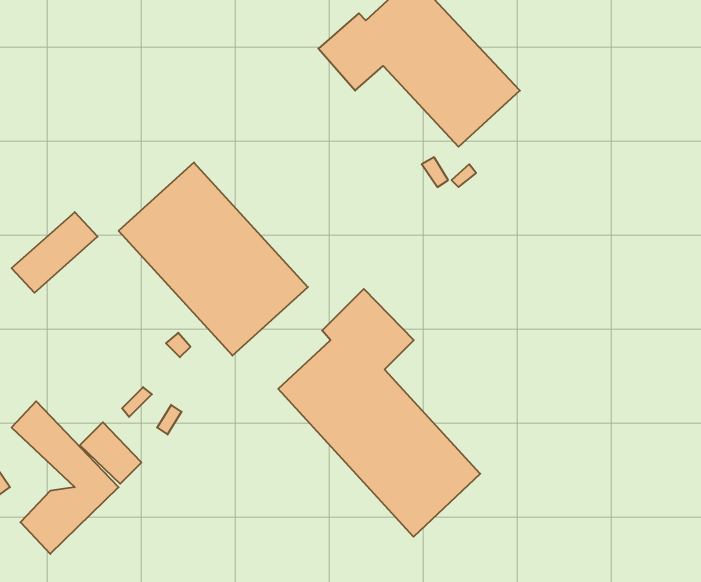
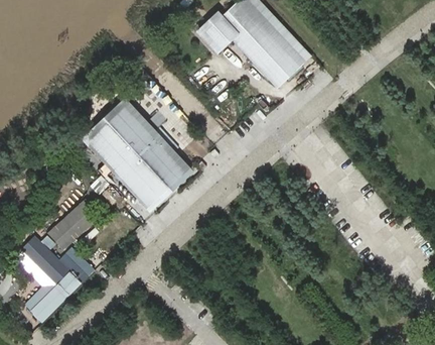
building: [12,212,98,293] -> [49,202,99,248]
building: [278,289,480,537] -> none

